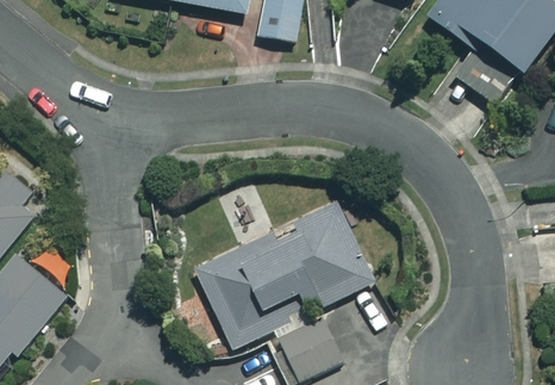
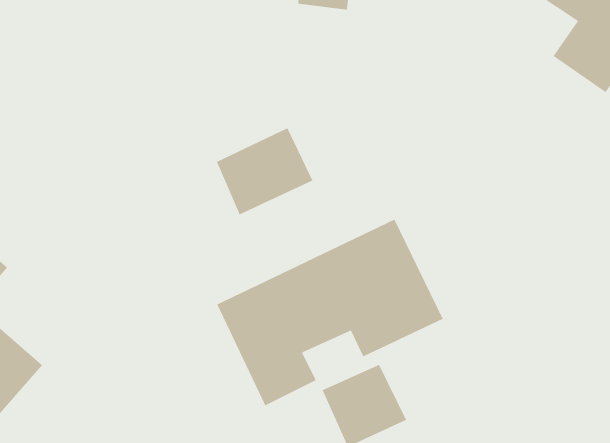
building: none -> [216,127,313,216]

